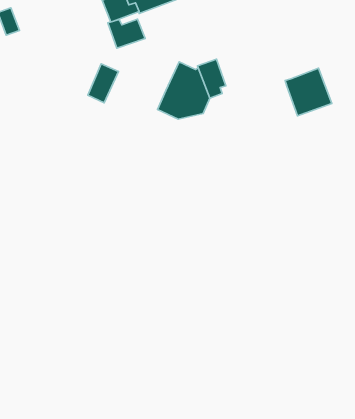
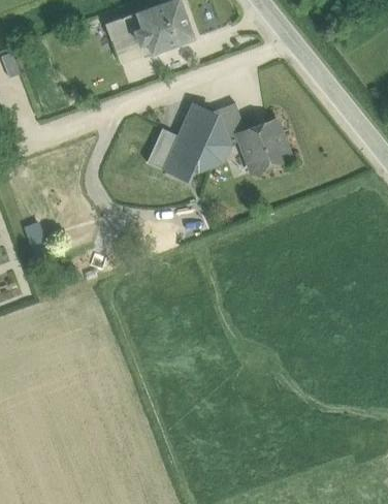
building: [108,19,145,48] -> none
building: [88,64,118,103] -> [148,129,181,171]
building: [285,68,332,116] -> [239,121,290,172]

